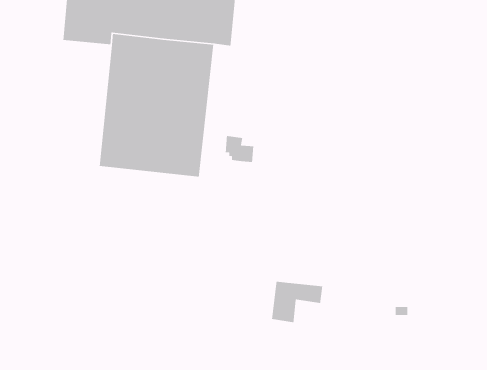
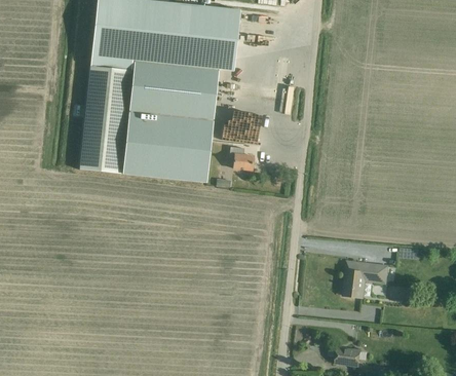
building: none -> [80,66,131,173]
building: [271,281,323,323] -> [343,261,387,297]

